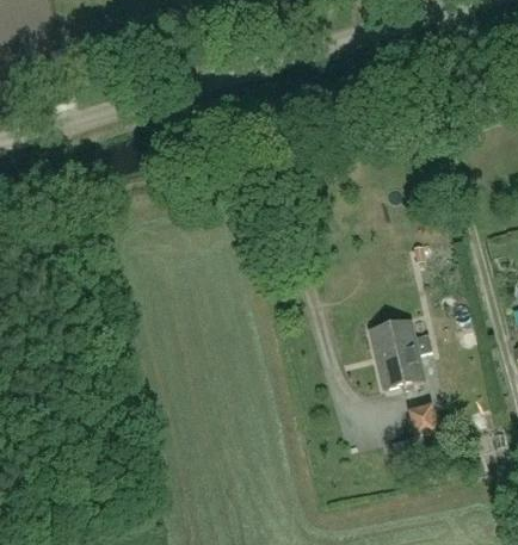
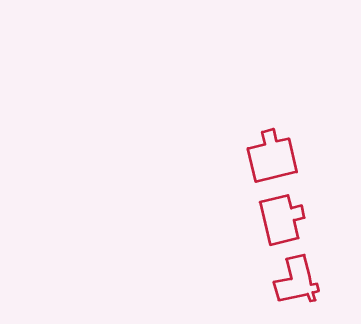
building: none -> [248,129,297,182]

